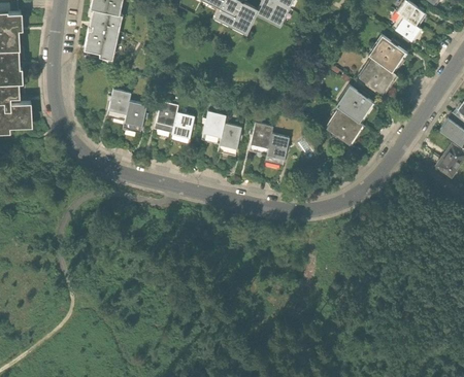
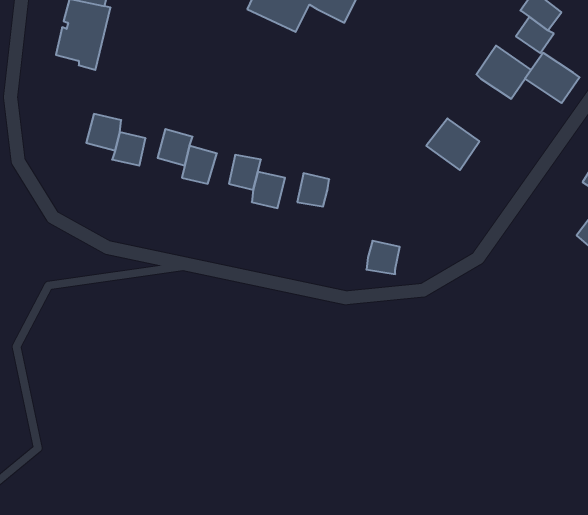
building: [361,64,398,98] -> [525,53,580,103]
building: [327,112,364,147] -> none
building: [265,139,288,162] -> [366,241,400,274]

